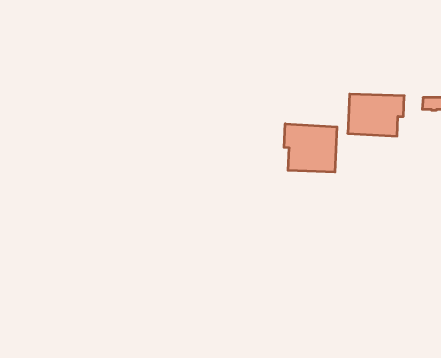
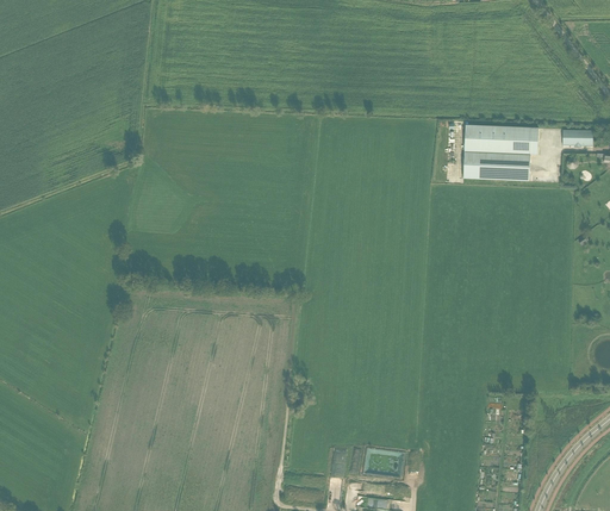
building: [284,124,337,172] -> none

